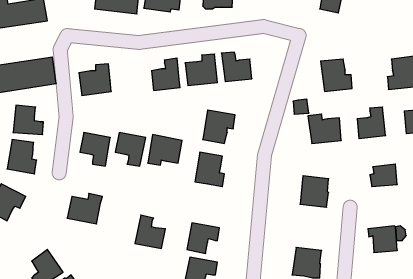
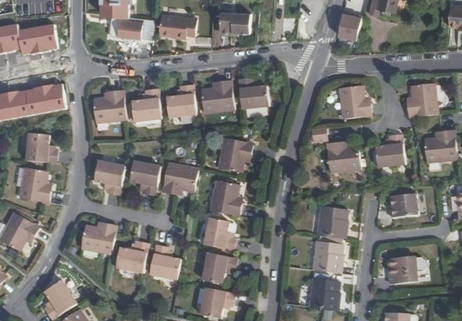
building: none -> [131,89,161,122]
building: none -> [203,218,234,250]
building: none -> [312,236,342,273]
building: none -> [115,241,148,273]

